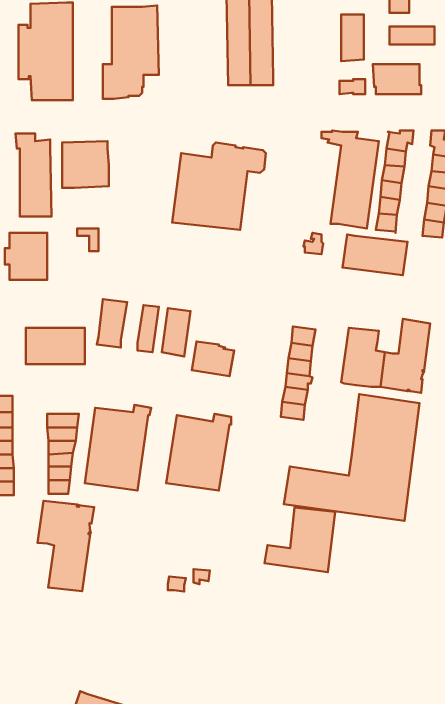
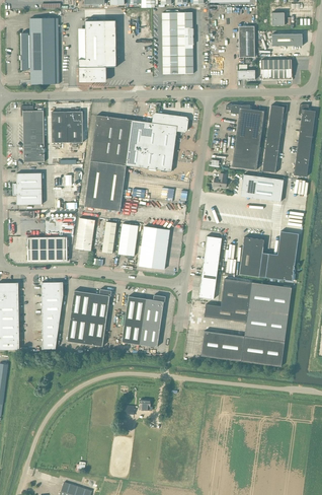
building: none -> [84,115,132,210]
building: none -> [142,225,170,252]
building: [38,501,94,591] -> none
building: [264,507,335,572] -> [204,278,251,322]

